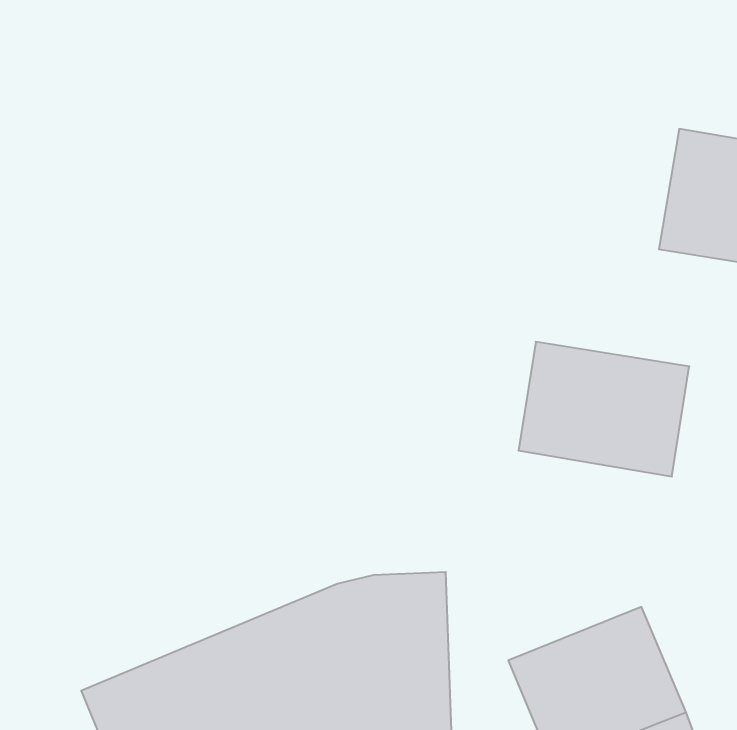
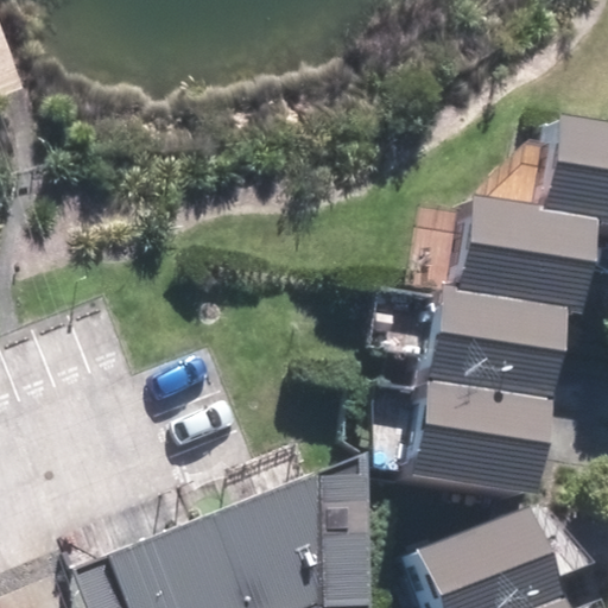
building: none -> [457,201,594,311]
building: none -> [412,378,553,493]

